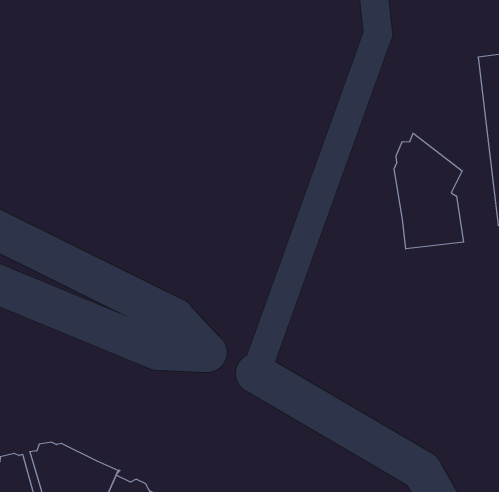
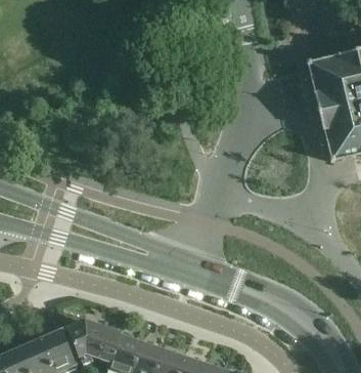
building: [394,133,464,249] -> none

